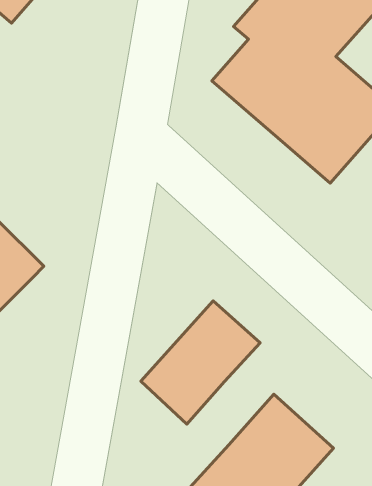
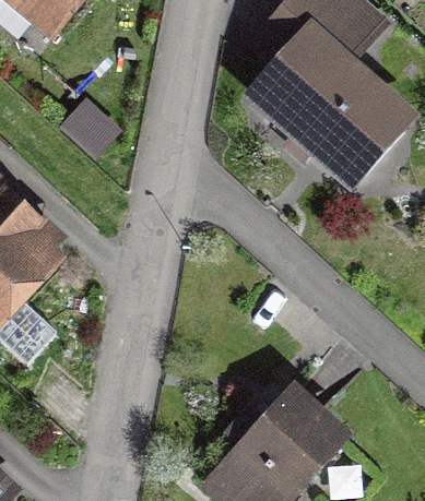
building: [141,301,260,424] -> none

